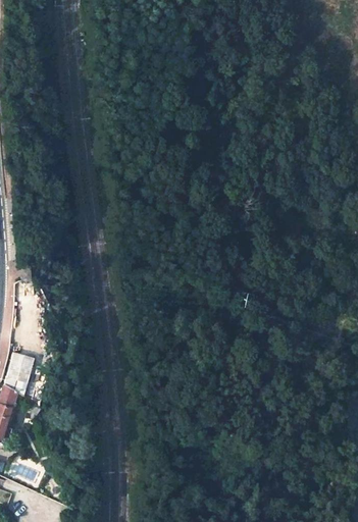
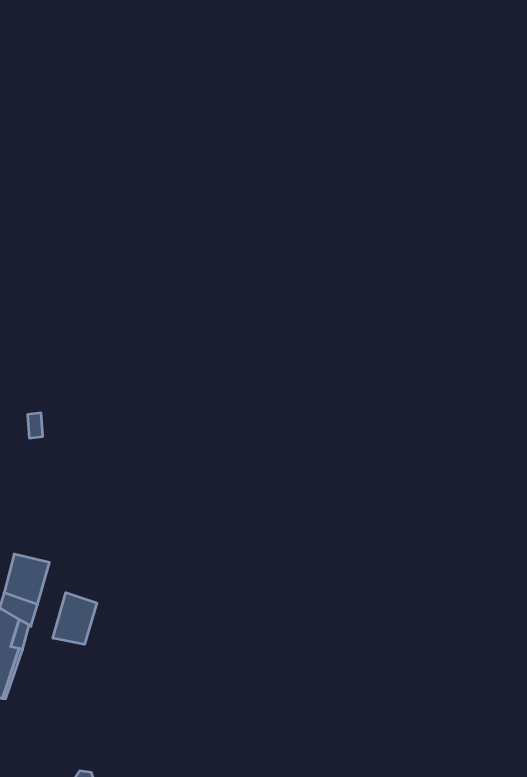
building: none -> [53,593,97,644]

